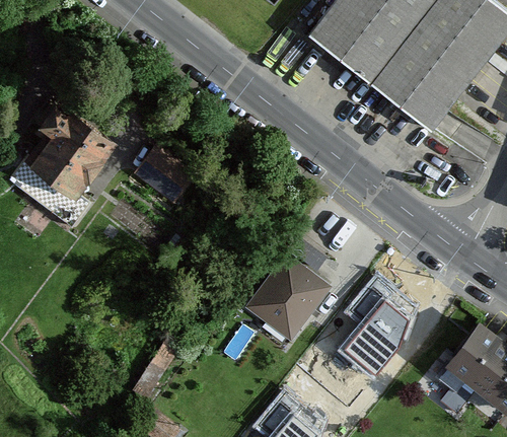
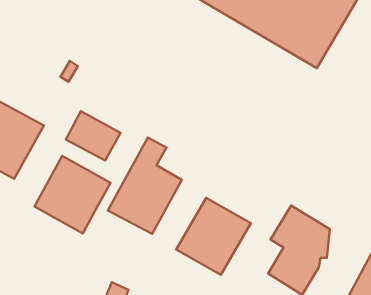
building: none -> [108,137,182,234]
building: none -> [34,156,110,233]

